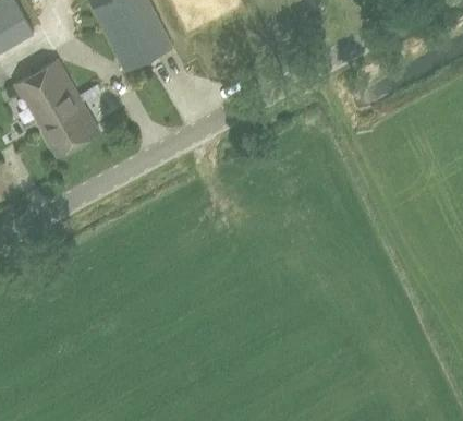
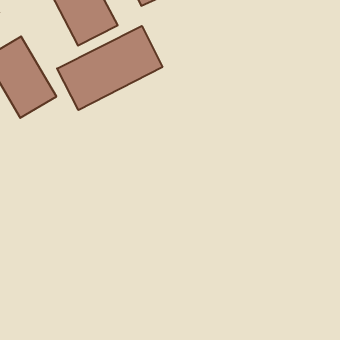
building: none -> [57,26,162,110]

